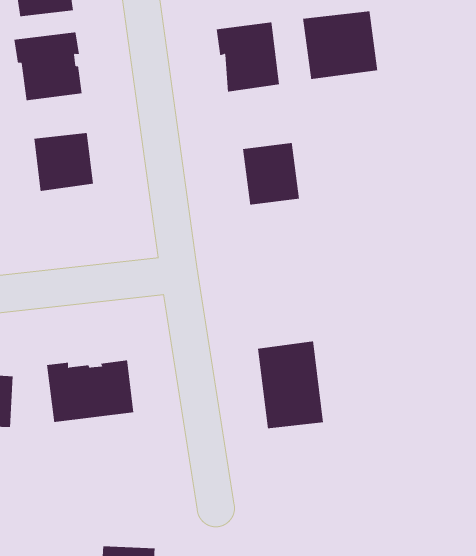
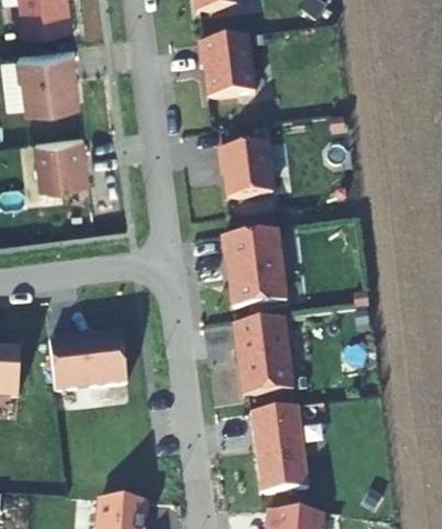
building: [303,11,378,80] -> none
building: none -> [222,228,287,309]
building: none -> [250,406,308,492]

